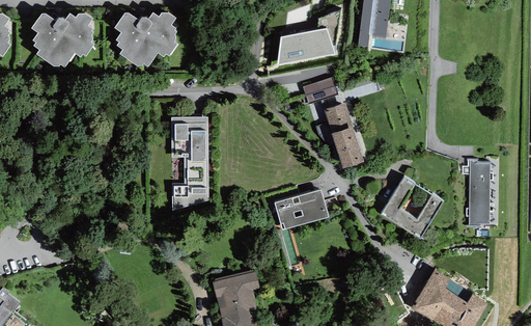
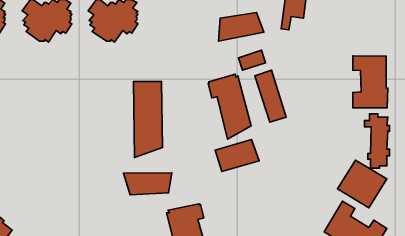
building: none -> [353,56,388,108]
building: none -> [208,74,251,139]
building: [381,175,443,236] -> [337,160,387,208]
building: none -> [123,173,172,195]

